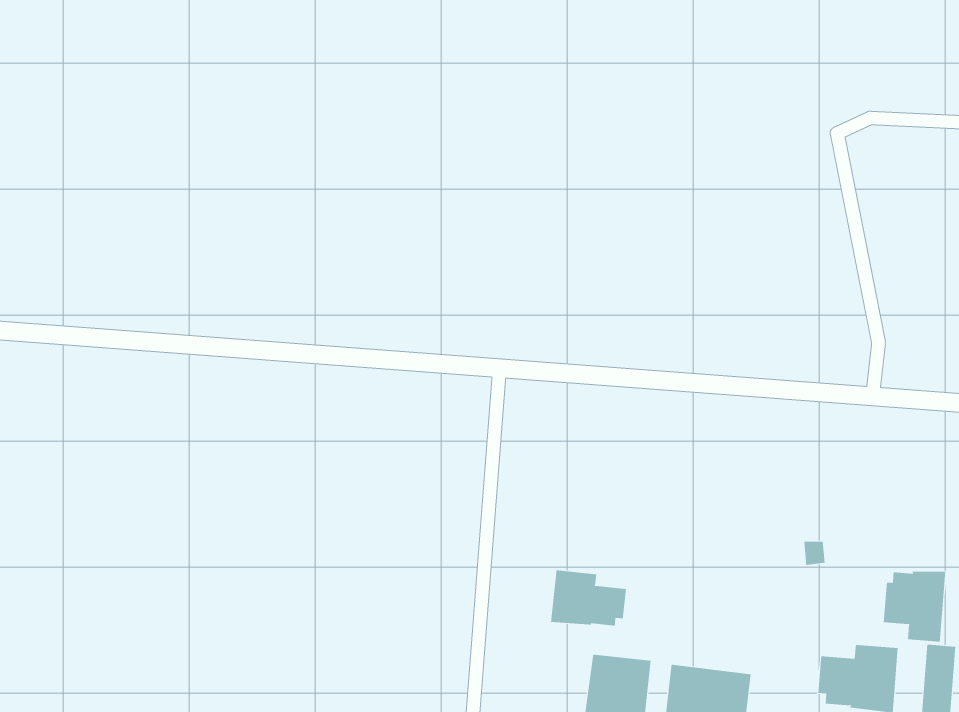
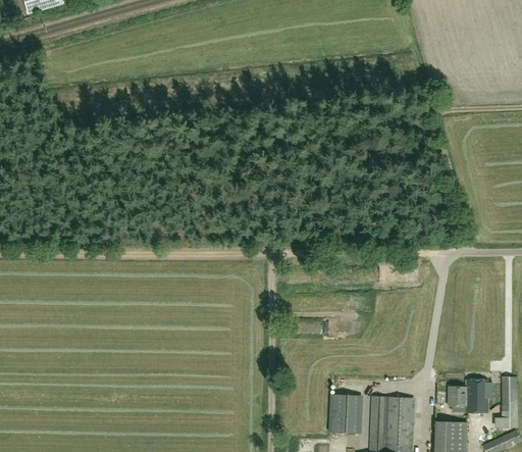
building: [550,569,627,626] -> none
building: [883,571,946,642] -> none

